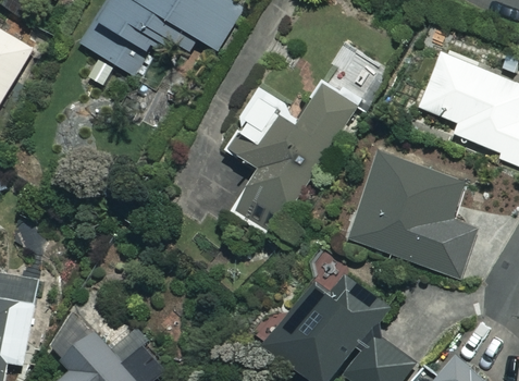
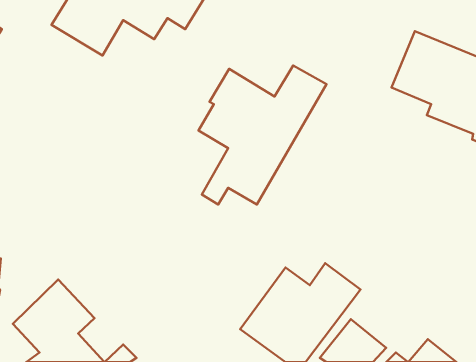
building: [348,150,474,276] -> none

